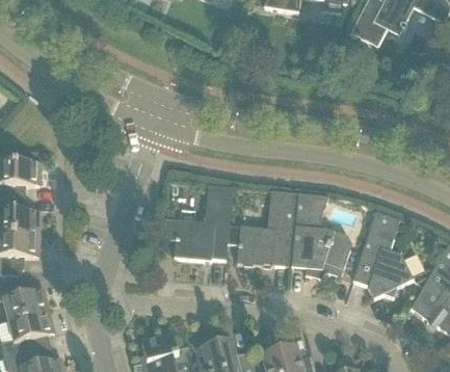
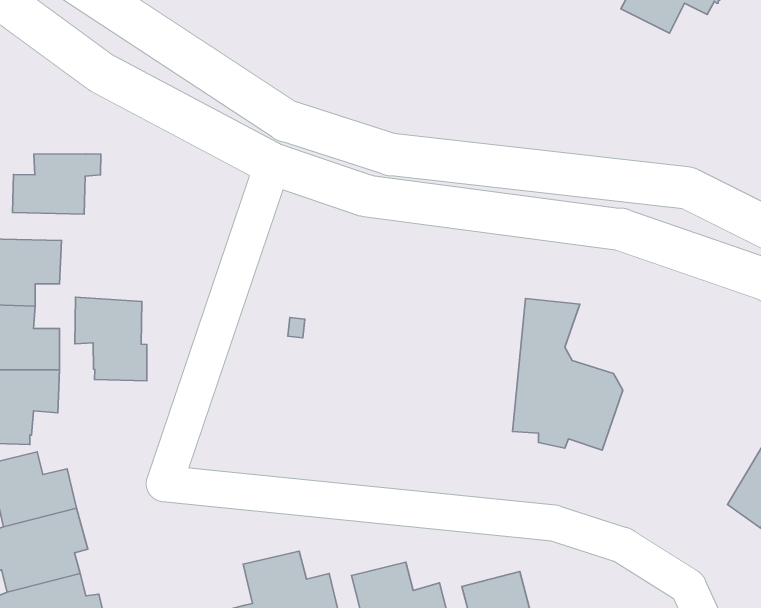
building: none -> [12,154,101,214]
building: [174,184,232,260] -> none
building: [236,190,295,265] -> none
building: none -> [75,297,147,381]
building: [352,210,413,297] -> none

